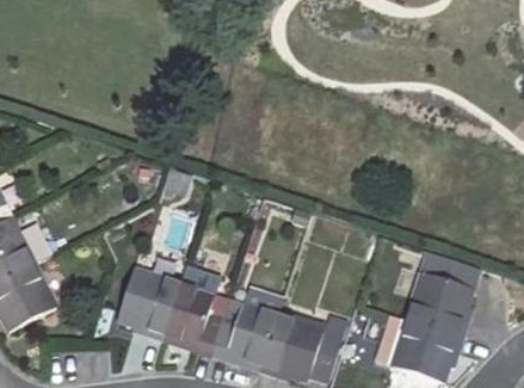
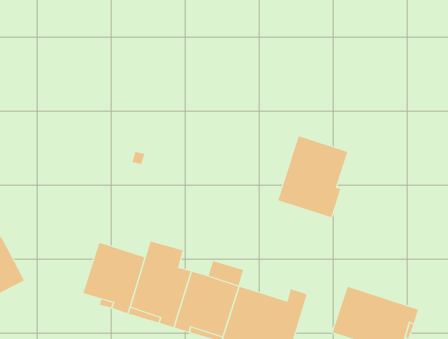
building: [407,252,480,337] -> [277,135,348,218]

